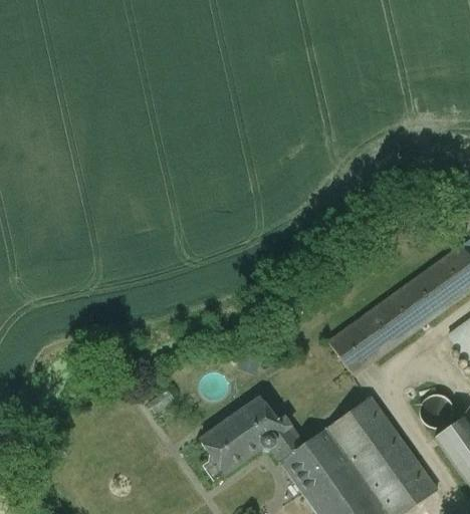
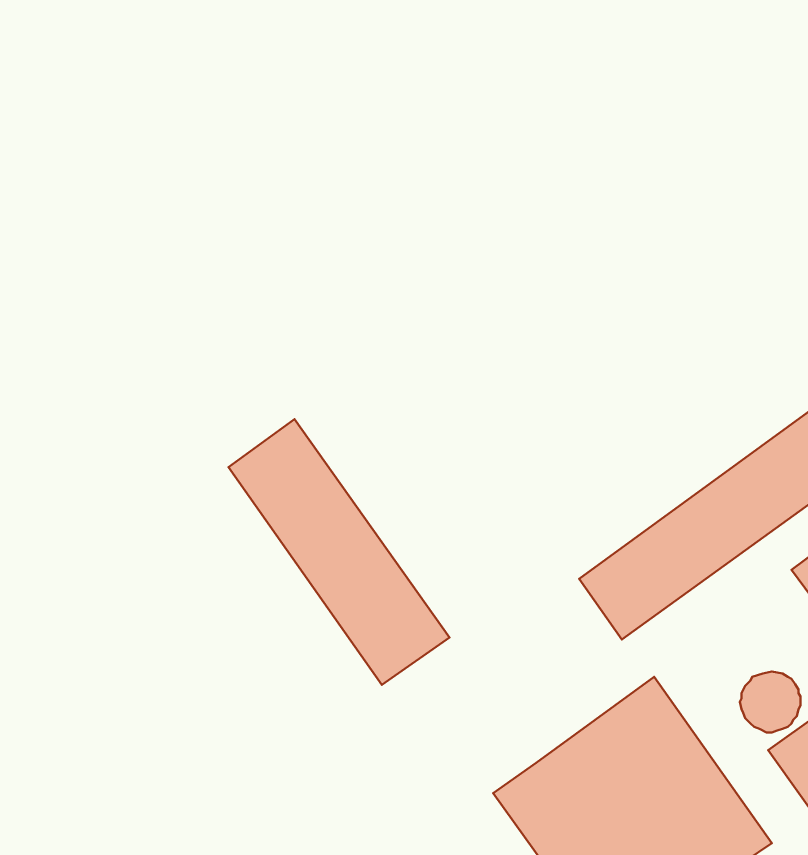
building: none -> [228,419,450,685]
building: [200,398,304,480] -> none

